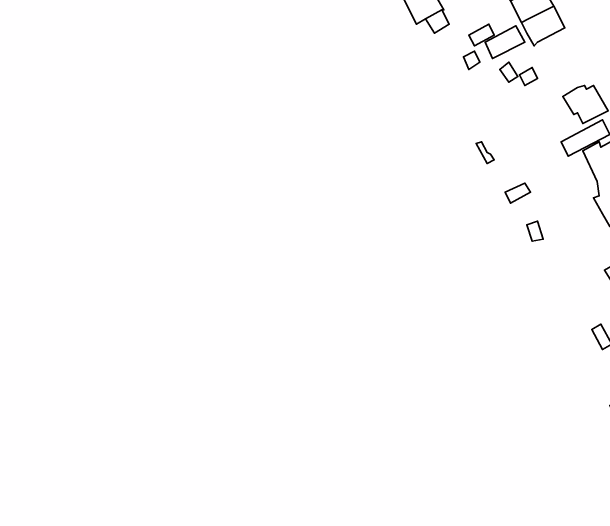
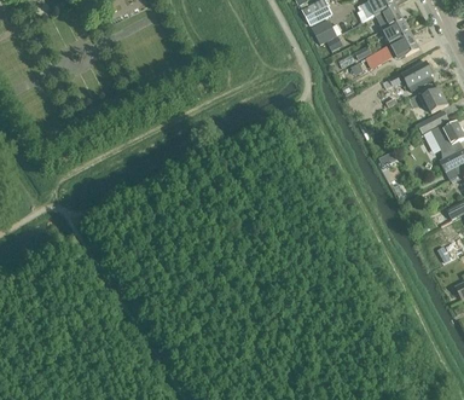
building: none -> [401,60,431,91]

